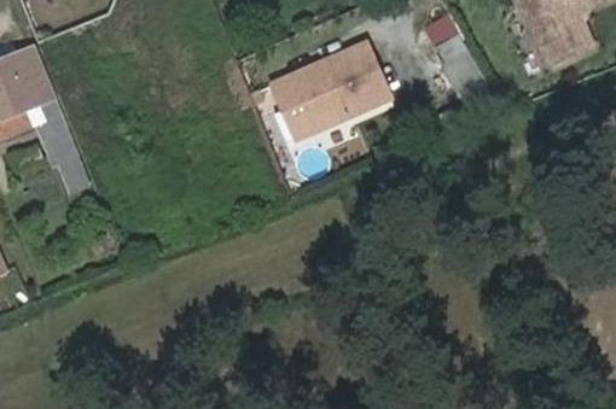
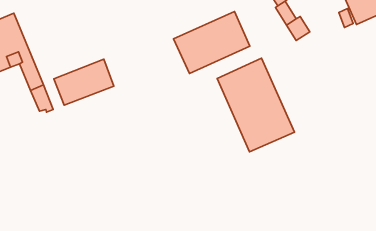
building: none -> [217,58,294,152]
building: none -> [54,59,114,105]

